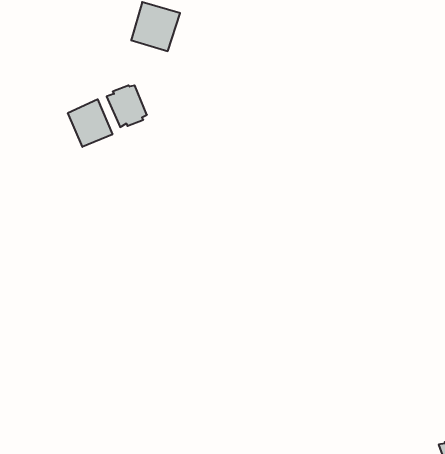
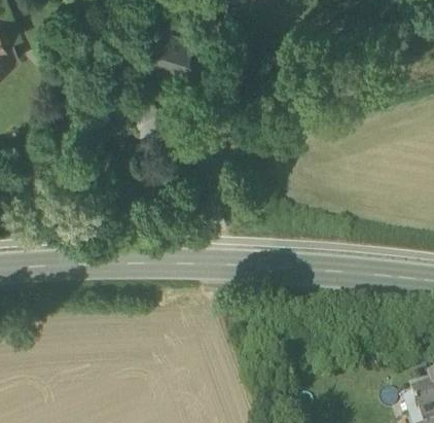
building: [68,99,112,147] -> none

